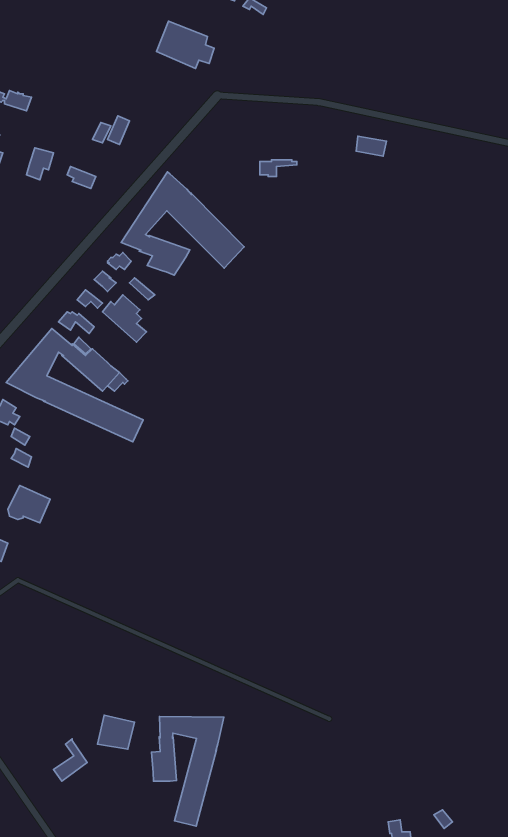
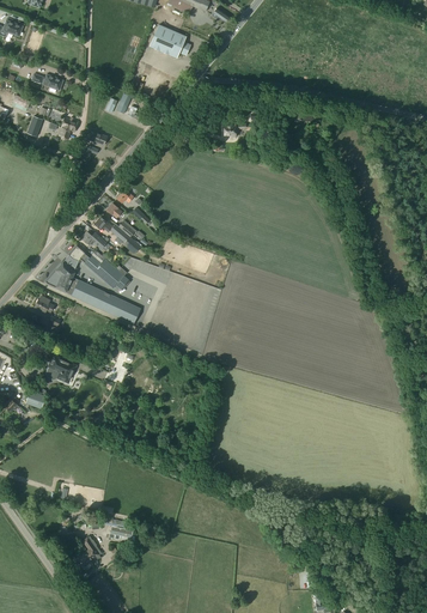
building: [121,172,244,275] -> none
building: [151,717,224,826] -> none

